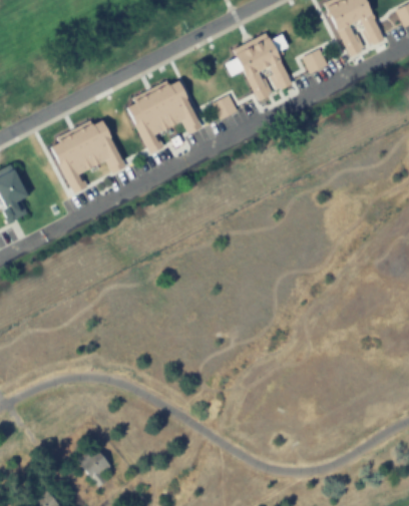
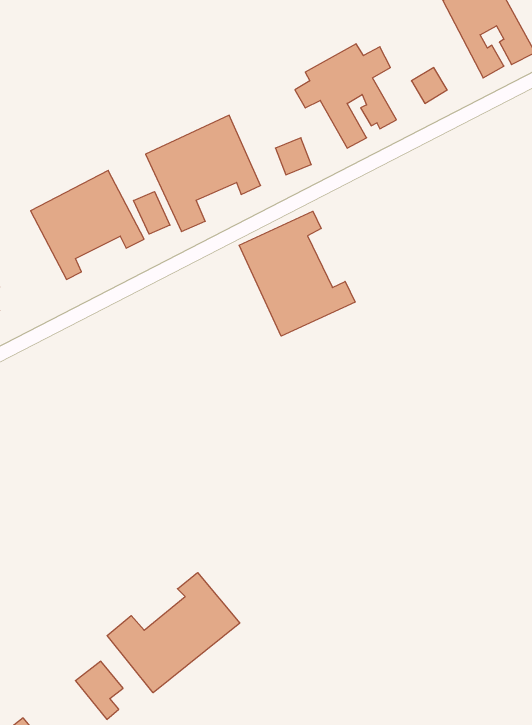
building: none -> [134,192,170,234]
building: none -> [239,211,355,336]
building: none -> [107,573,240,693]

